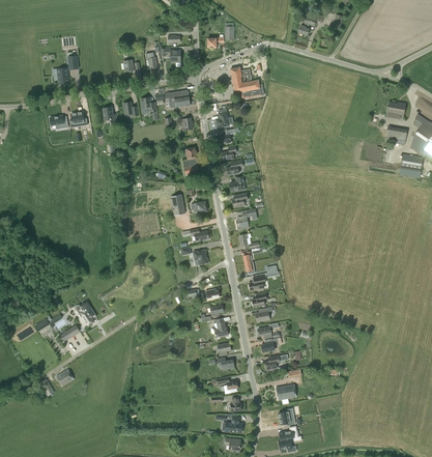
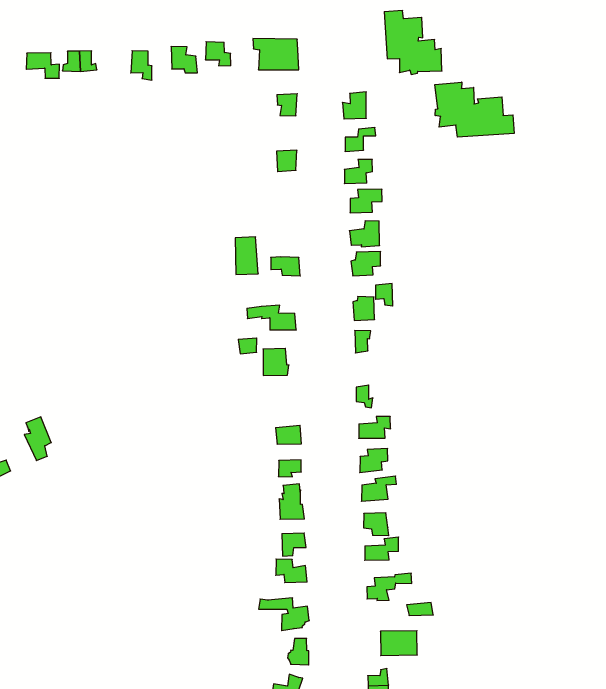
building: none -> [435,82,514,137]

